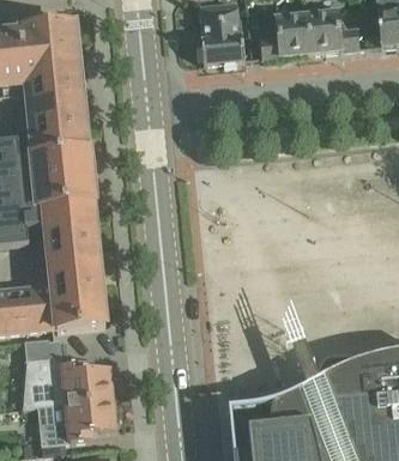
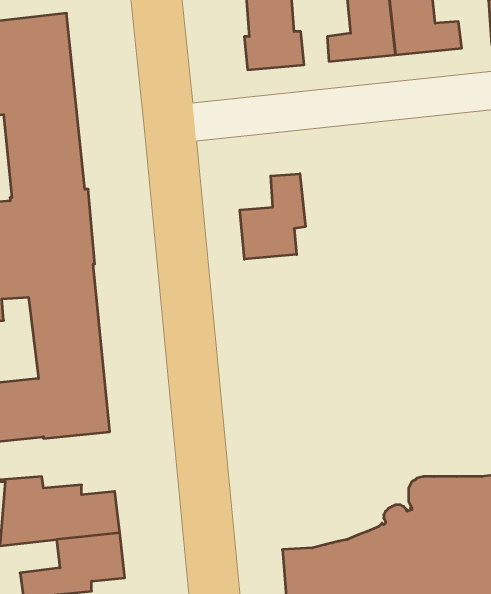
building: none -> [240,174,305,259]

